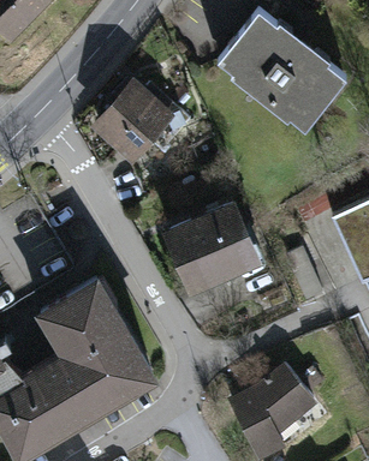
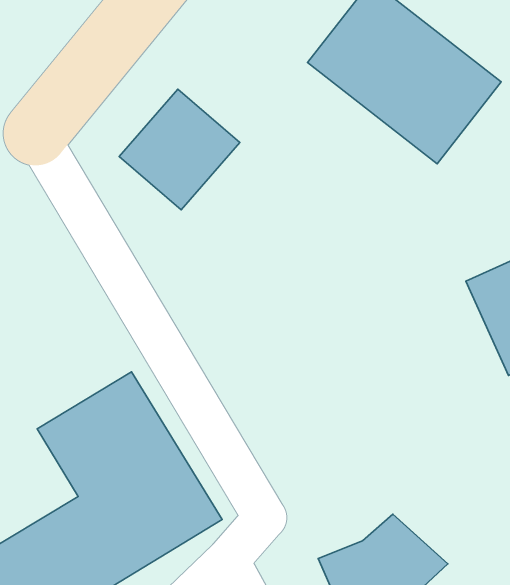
building: [167,205,262,293] -> none

